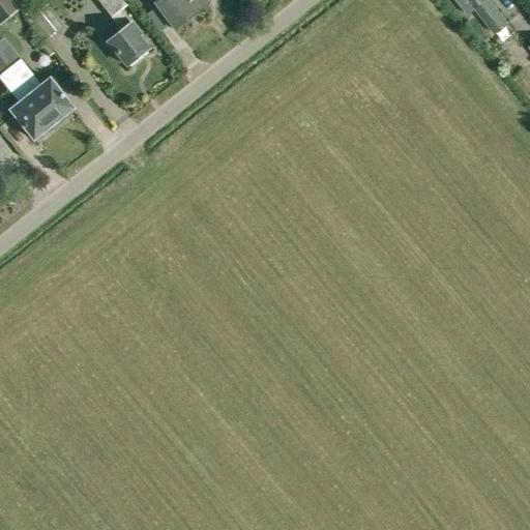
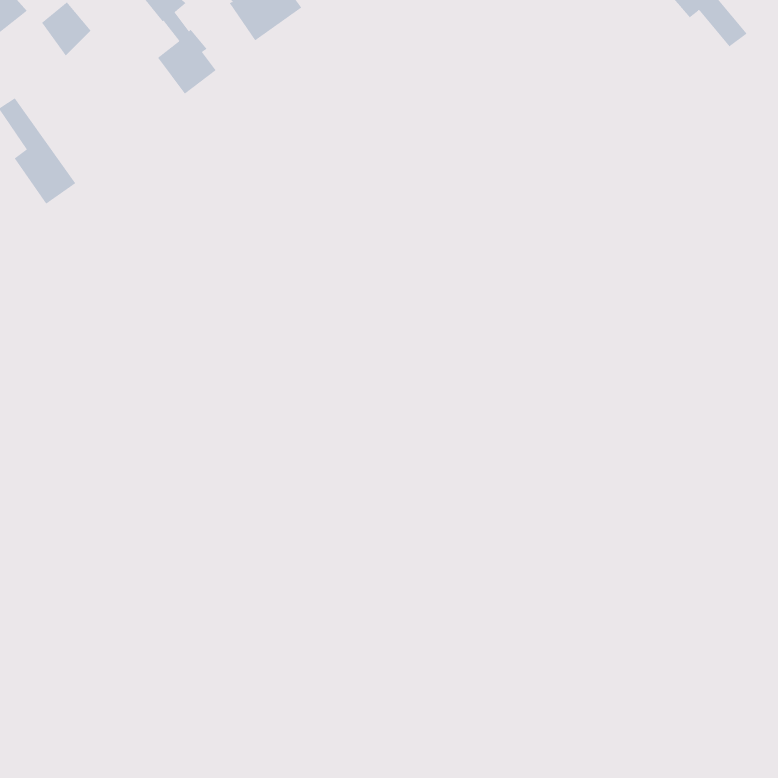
building: [10,58,72,124] -> none

